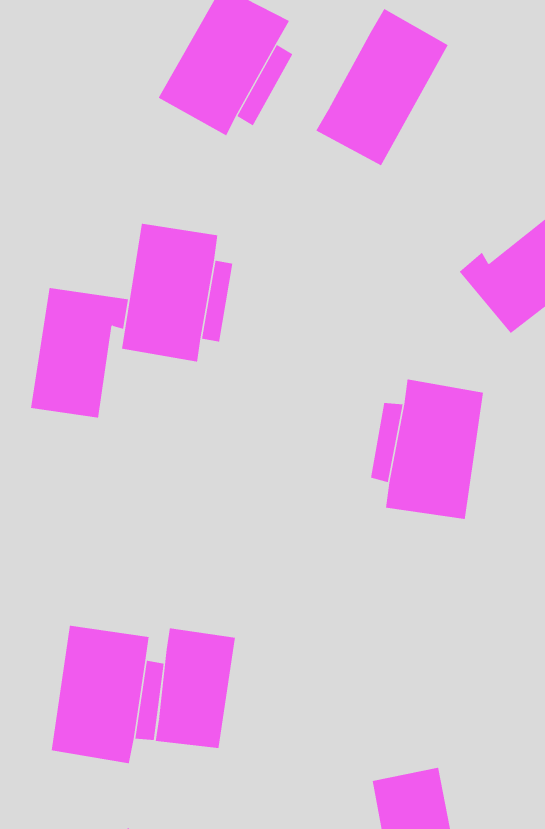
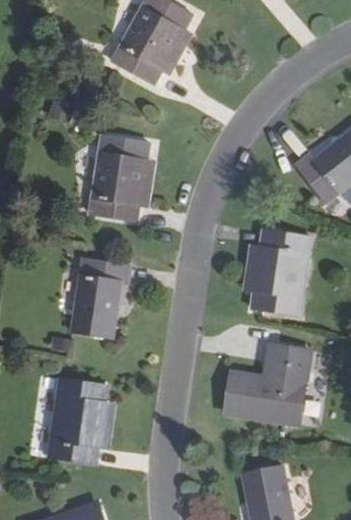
building: [316,8,449,166] -> none
building: [30,288,129,418] -> [70,259,130,338]
building: none -> [223,345,310,426]
building: [155,627,235,749] -> none

